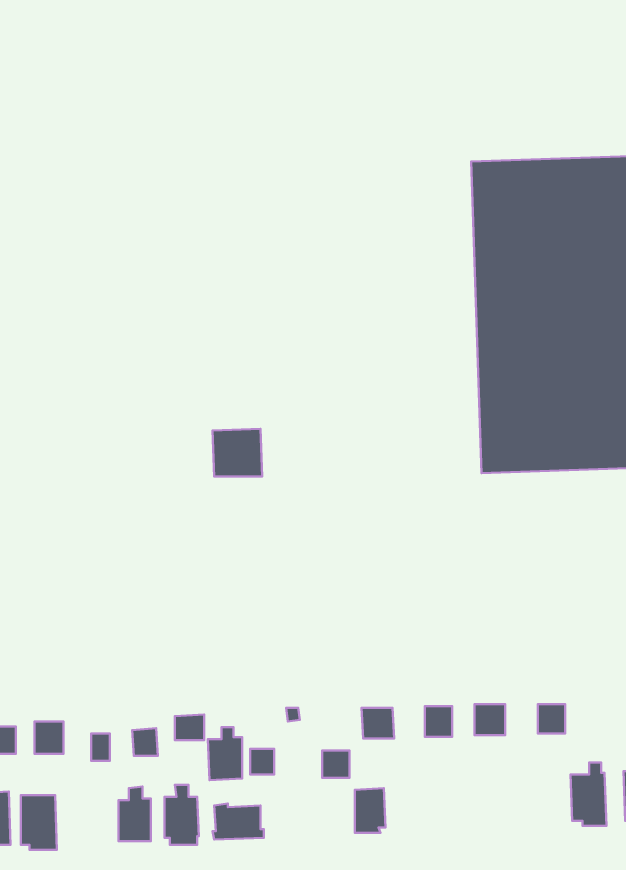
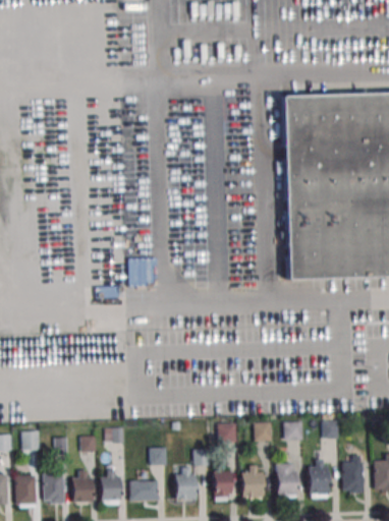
building: [208,727,242,780] -> [175,466,196,498]
building: none -> [309,458,329,494]
building: none -> [277,462,297,494]
building: none -> [241,464,265,496]
building: none -> [43,470,65,502]

